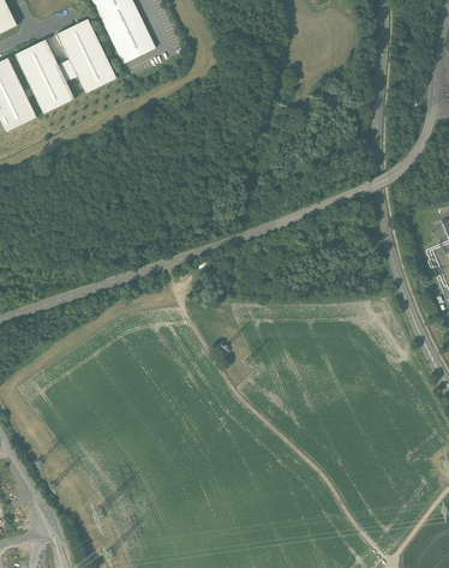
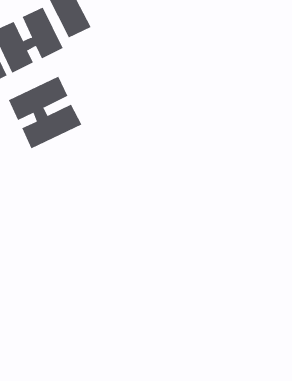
building: none -> [8,76,82,149]

